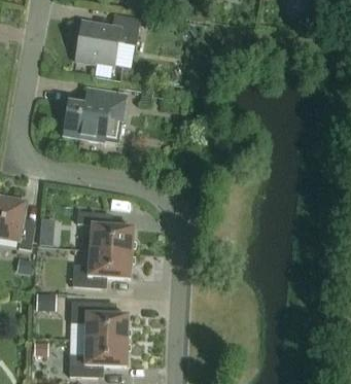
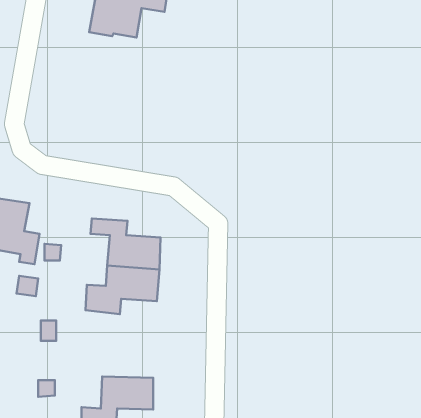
building: [63,89,127,143] -> none
building: [71,301,128,340] -> none

